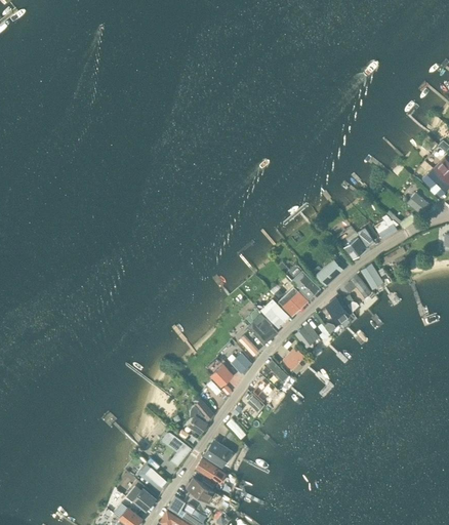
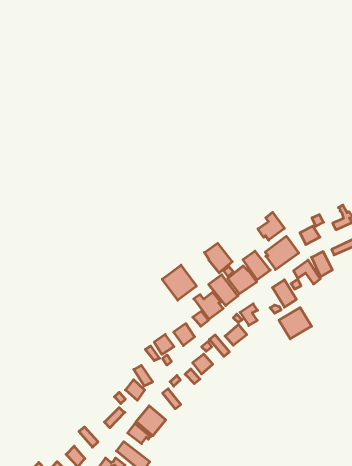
building: none -> [258,212,284,240]
building: none -> [204,243,232,273]
building: none -> [162,265,196,300]
building: none -> [279,308,312,339]

